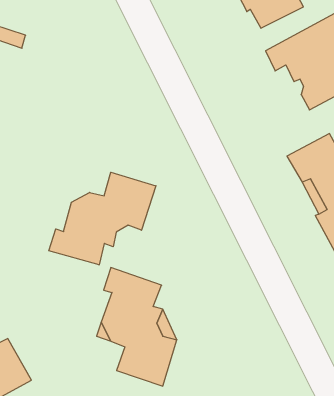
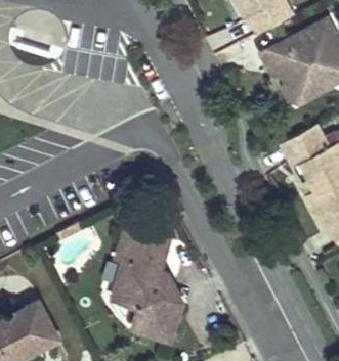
building: [49,172,156,265] -> none

